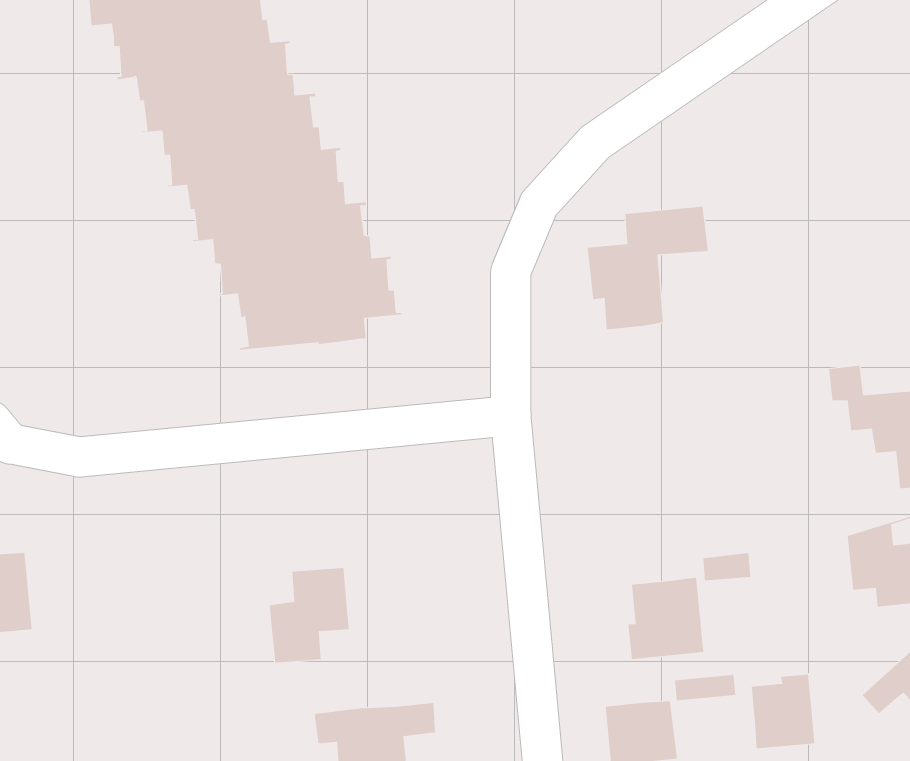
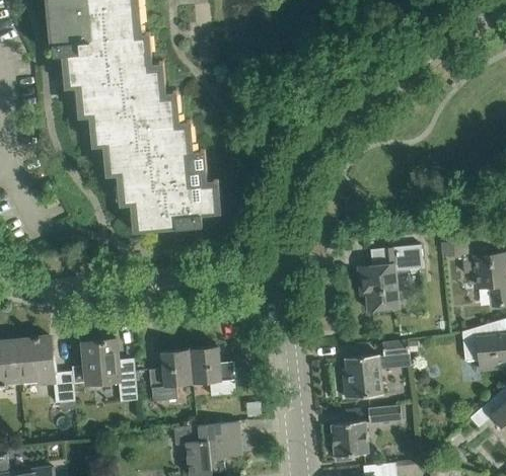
building: [587,206,709,330] -> [357,245,423,312]
building: none -> [17,337,73,404]
building: none -> [82,339,137,404]
building: none -> [190,346,235,396]
building: [751,674,815,749] -> none

